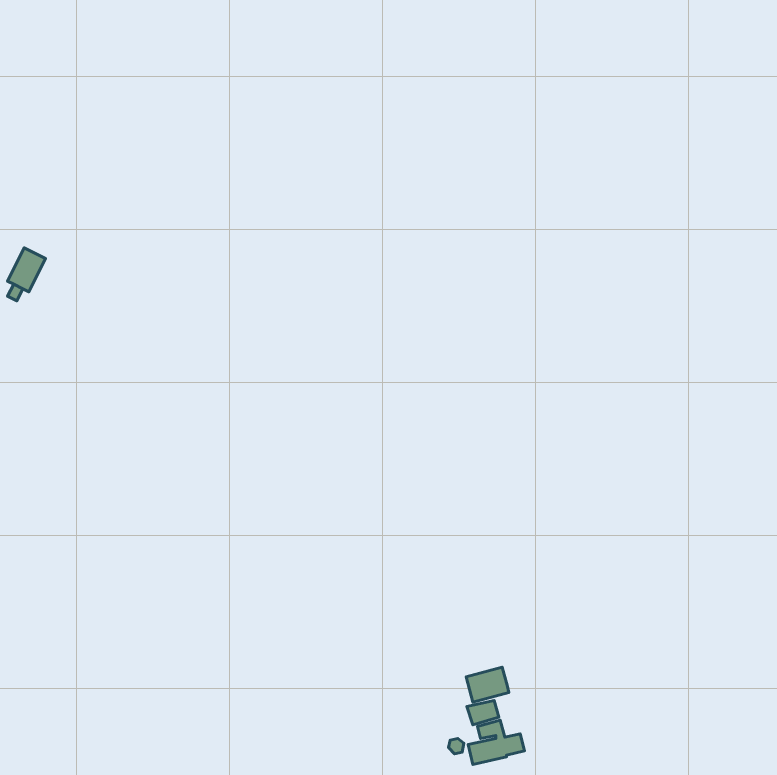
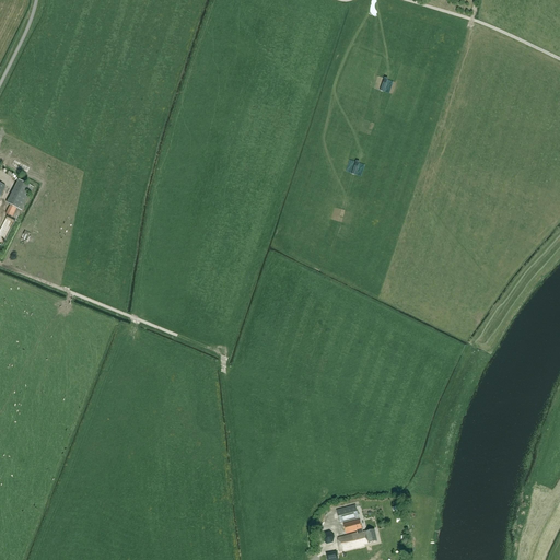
building: [466,667,509,702] -> none

